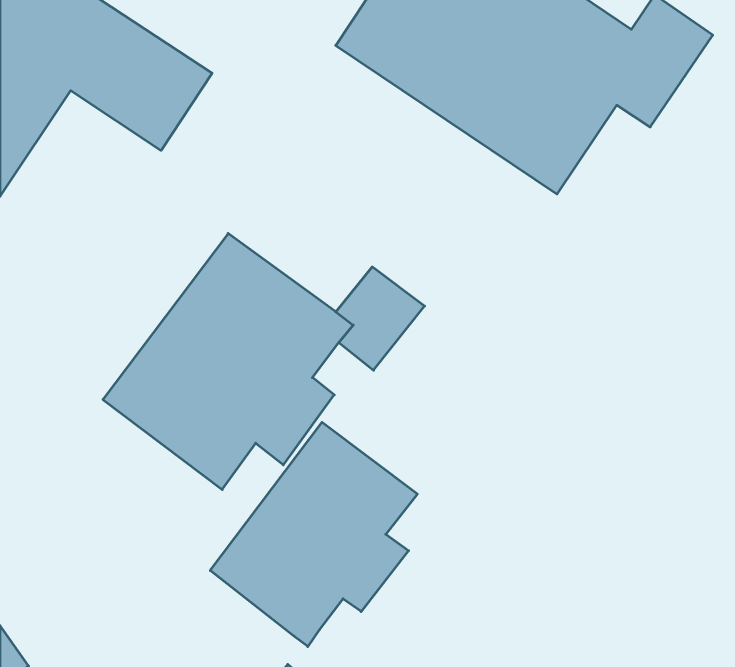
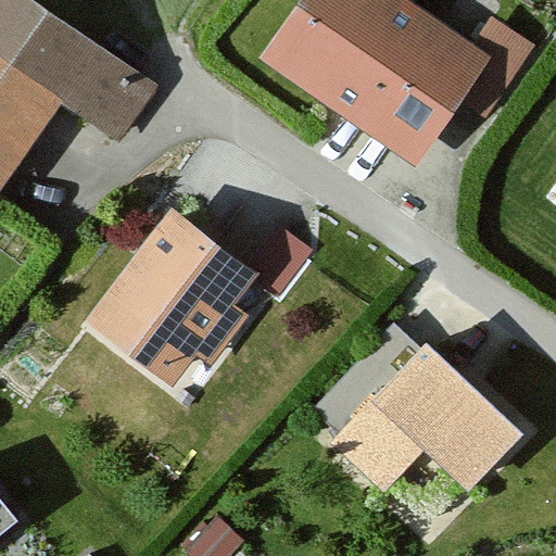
building: none -> [321,327,526,493]
building: [210,422,417,647] -> none

